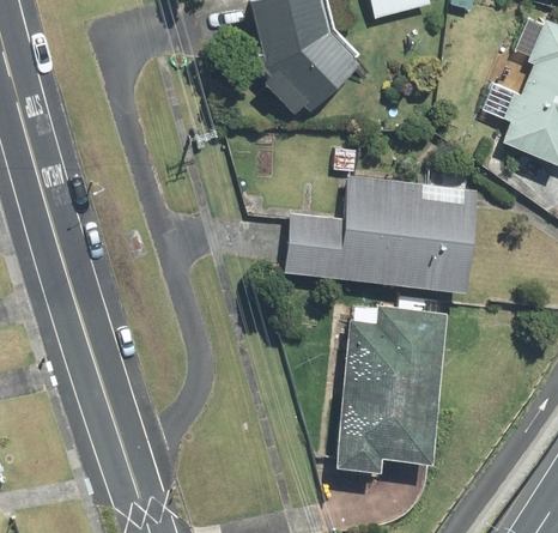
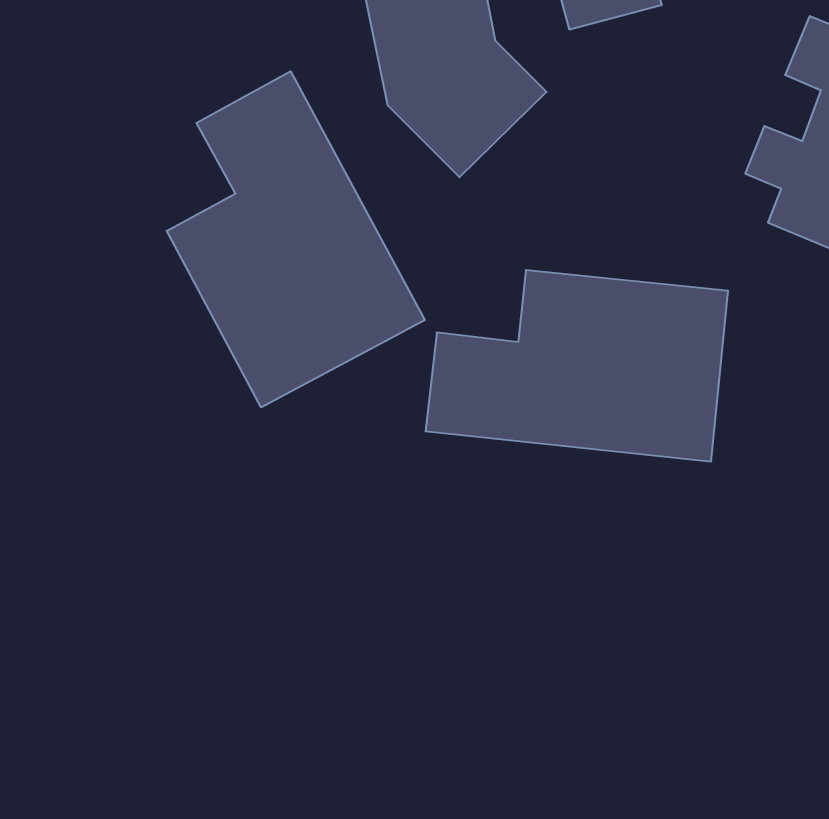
building: none -> [167,71,425,407]
building: [334,299,448,473] -> none

